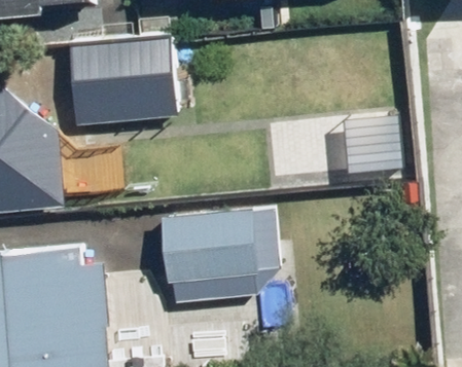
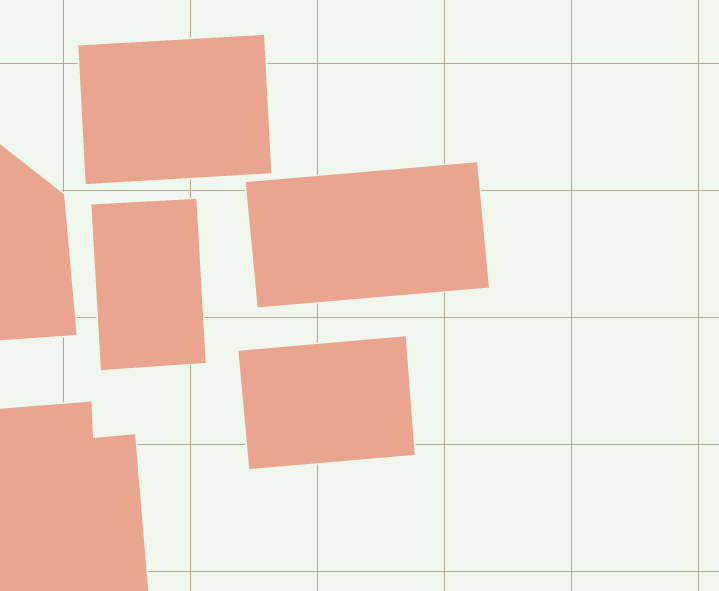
building: none -> [245,161,490,308]
building: none -> [90,198,207,371]

